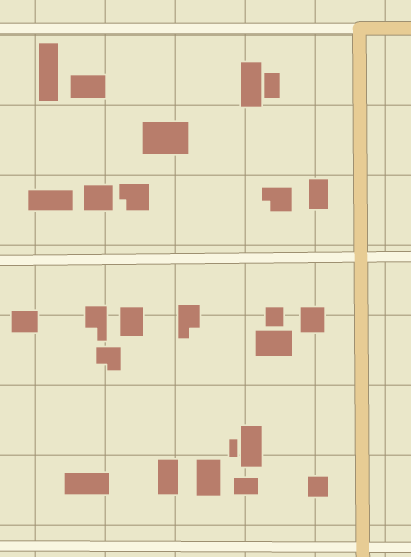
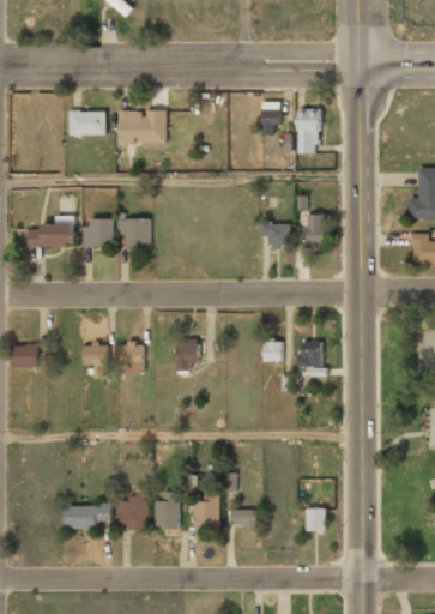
building: [38,42,59,102] -> none
building: [240,62,262,108] -> [297,108,319,154]
building: [142,121,189,155] -> [119,110,165,144]
building: [255,330,293,357] -> none
building: [96,347,121,371] -> none
building: [240,425,262,467] -> none
building: none -> [119,496,146,530]

